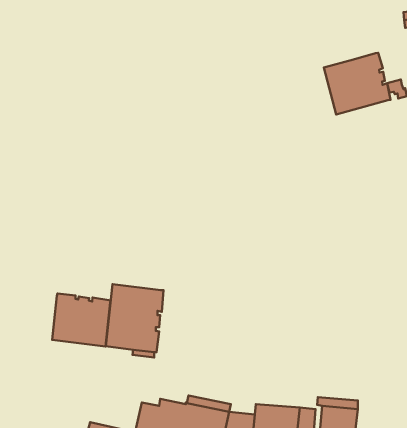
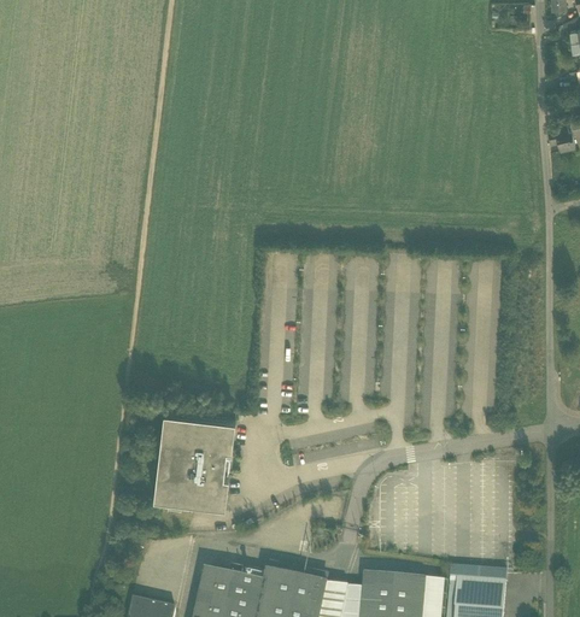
building: [324,53,391,115] -> none
building: [52,294,111,346] -> none

